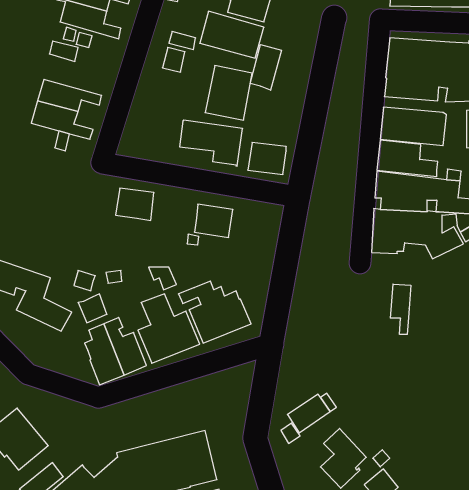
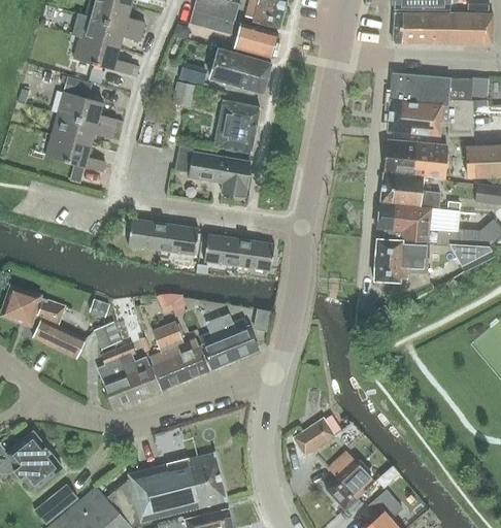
building: [250,45,281,90] -> none
building: none -> [59,91,123,130]
building: [248,142,286,174] -> [237,239,274,270]
building: none -> [162,223,199,254]
building: [390,284,411,334] -> none

